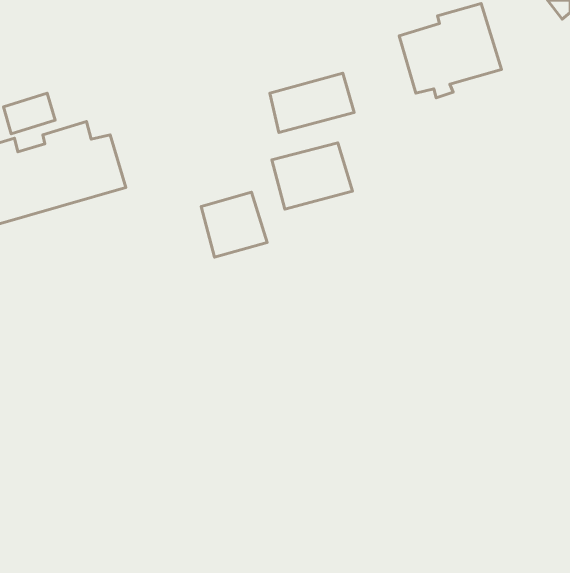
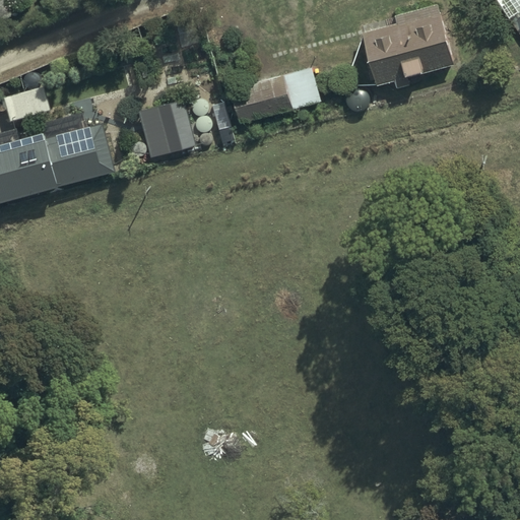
building: [272,143,352,209] -> none
building: [201,192,267,257] -> [136,99,196,157]

